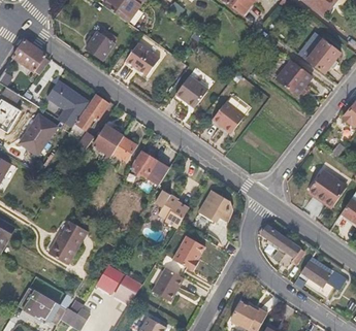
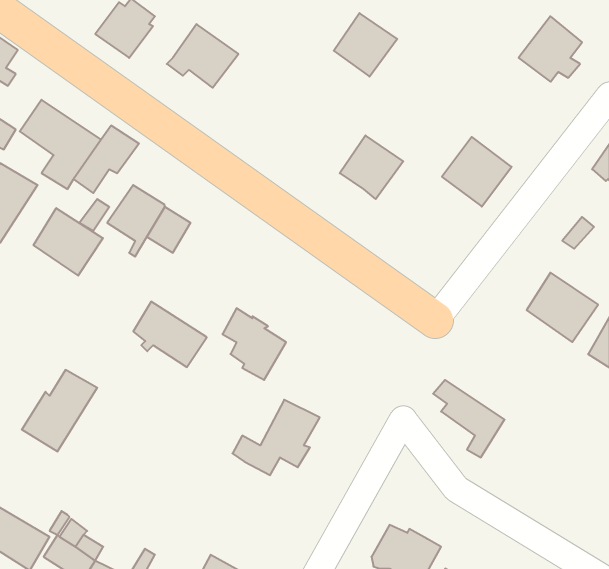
building: [277,59,313,95] -> [442,137,512,207]
building: [177,74,211,107] -> [334,13,397,77]
building: none -> [34,208,103,276]
building: [131,151,169,185] -> [133,302,207,367]
building: [197,191,232,224] -> none
building: [300,259,347,290] -> none
building: [95,264,140,304] -> none
building: [151,268,183,301] -> none

